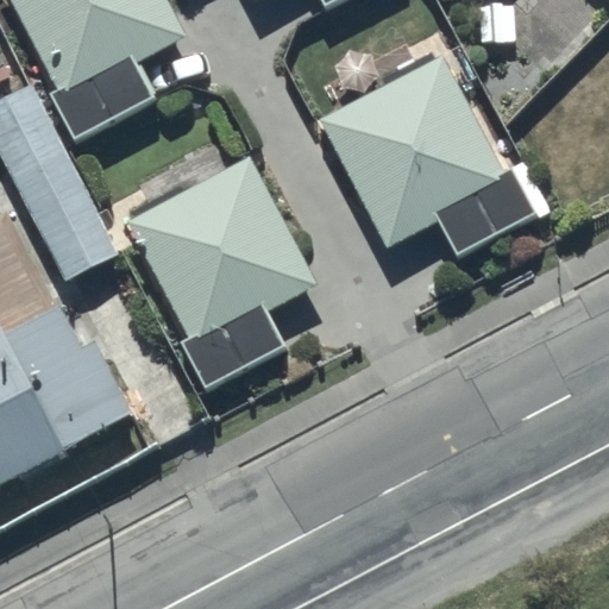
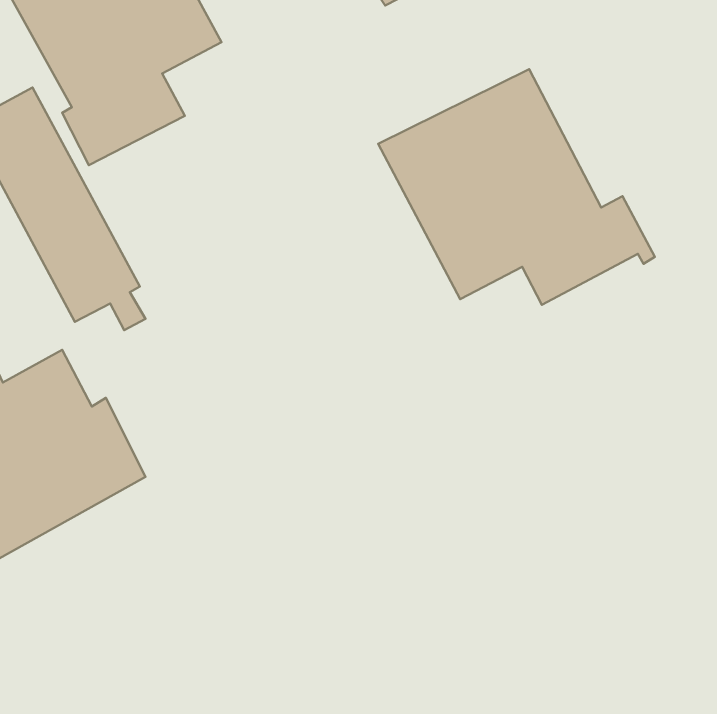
building: [125,139,313,389] -> none

